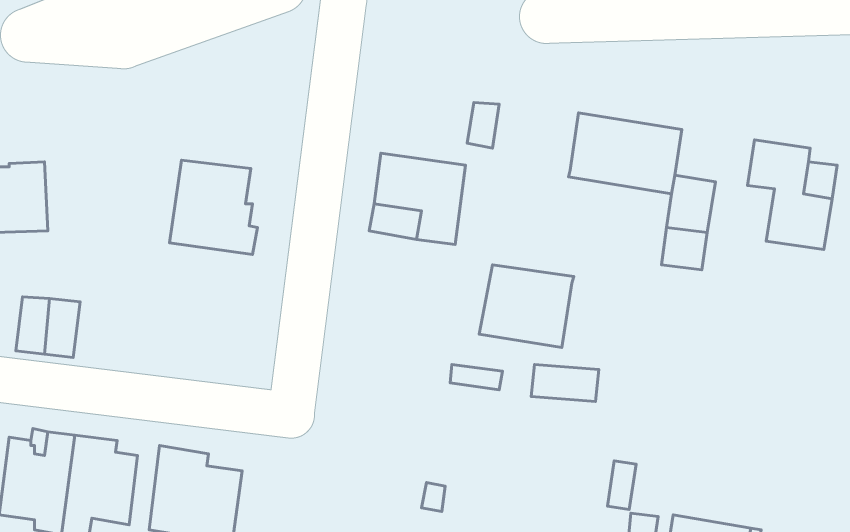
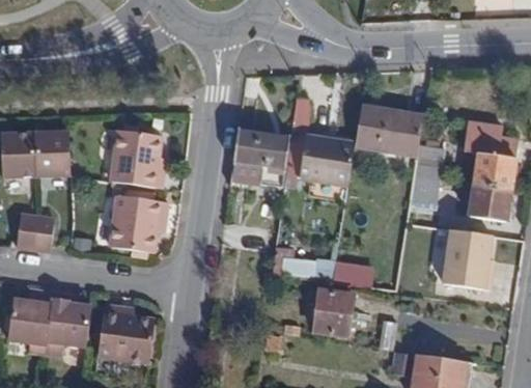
building: none -> [33,133,69,176]
building: none -> [471,183,511,220]
building: [479,265,574,348] -> [298,132,356,183]
building: none -> [109,198,167,255]
building: none -> [444,228,496,287]
building: none -> [313,286,353,333]

